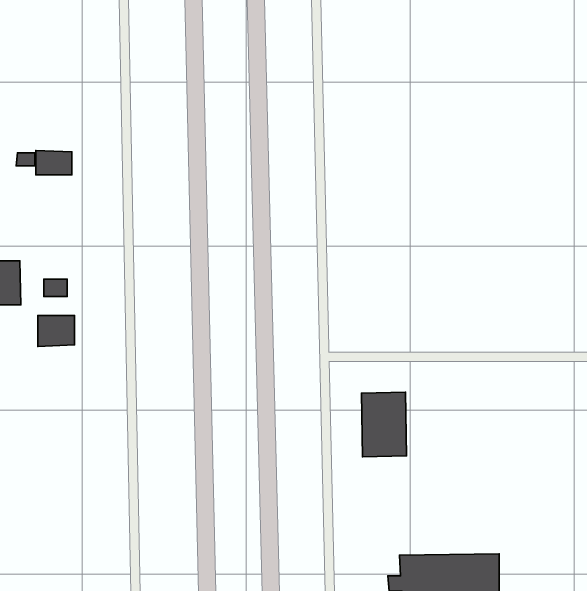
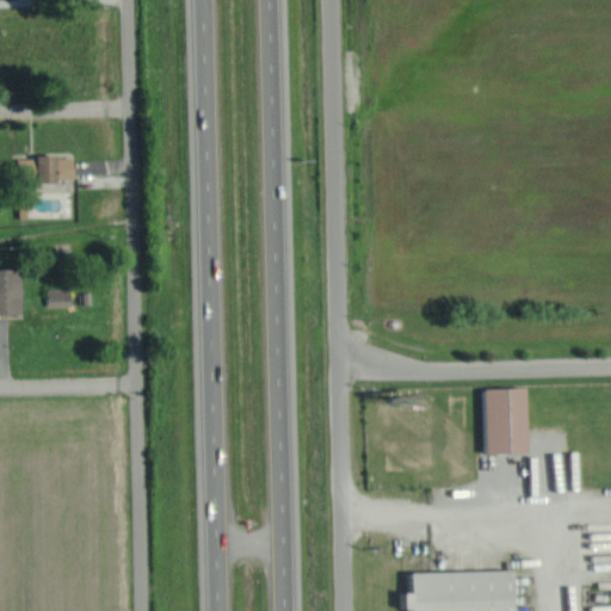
building: [38,315,74,346] -> none
building: [361,392,407,457] -> [482,388,529,455]

